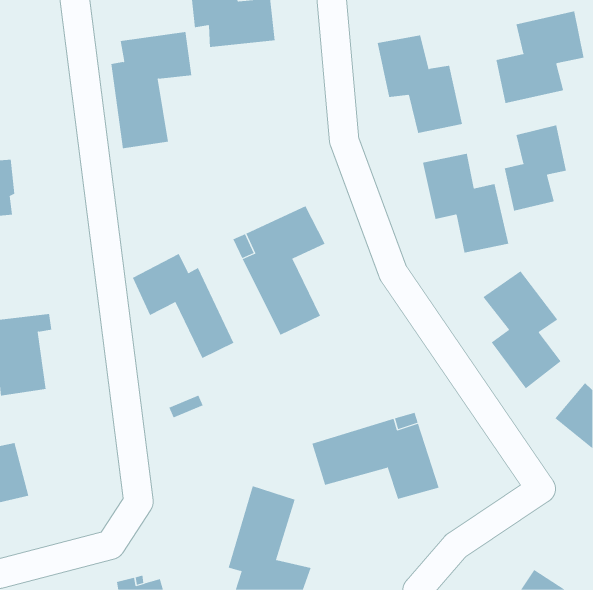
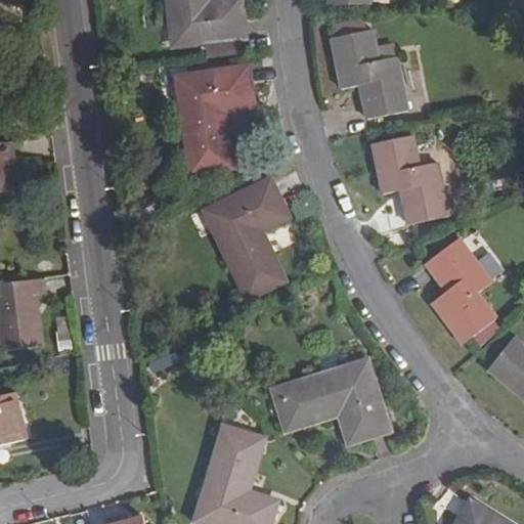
building: [496,11,584,104] -> none
building: [111,31,192,149] -> [180,68,252,171]
building: [504,125,566,211] -> none
building: [132,253,234,359] -> none

